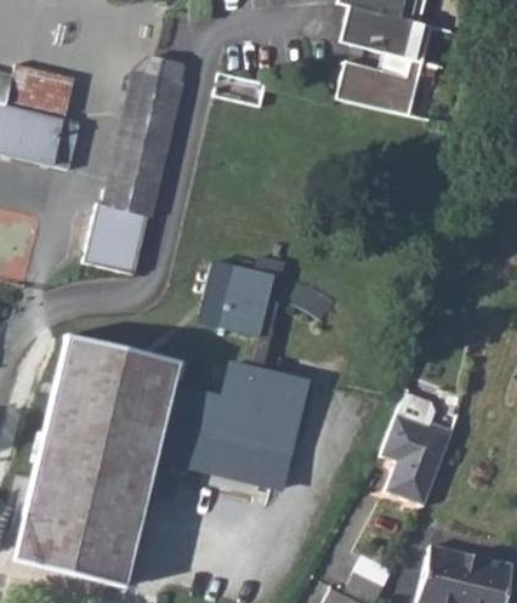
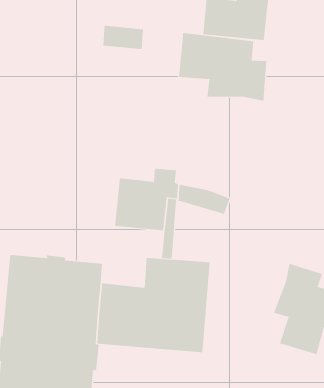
building: [85,62,182,278] -> none
building: none -> [179,32,267,102]

